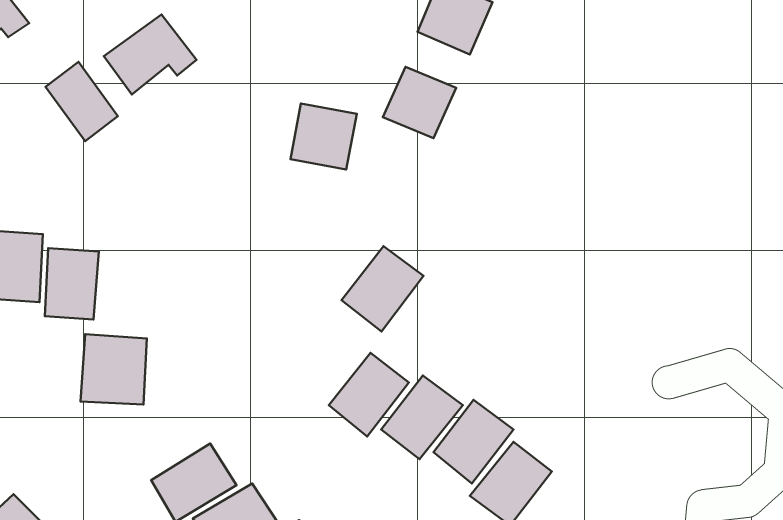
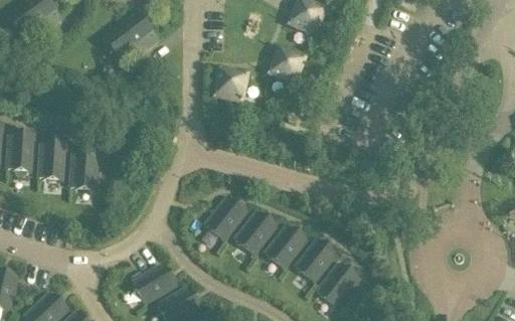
building: [46,62,118,141] -> none
building: [342,246,423,332] -> [203,193,250,243]
building: [80,334,147,405] -> none

